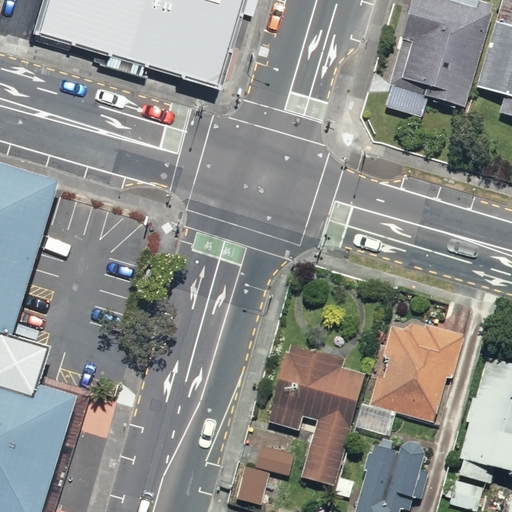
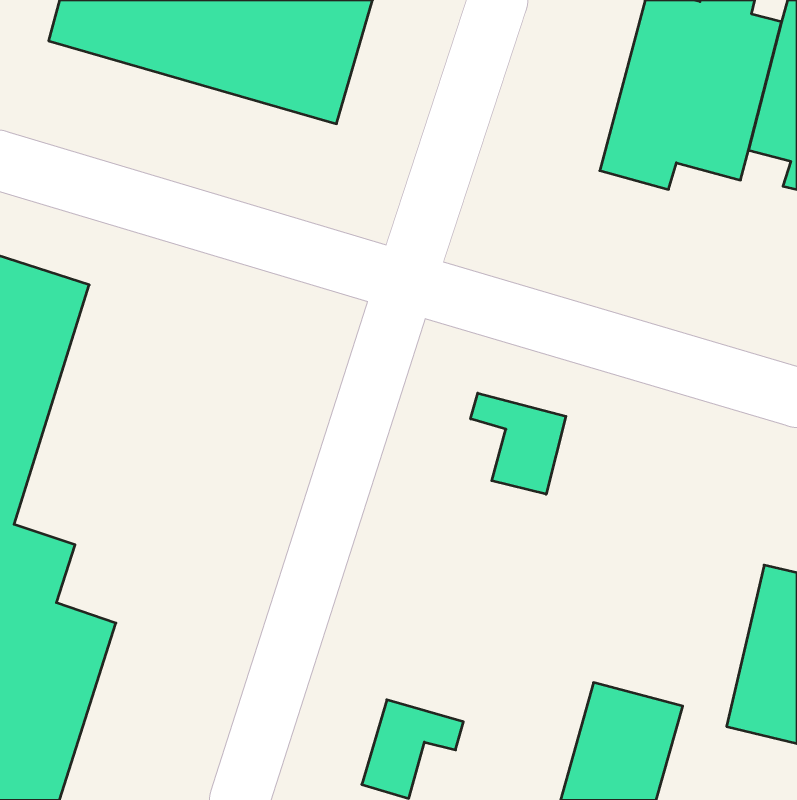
building: none -> [471,393,566,494]
building: [370,312,464,428] -> none
building: [275,341,371,487] -> none

